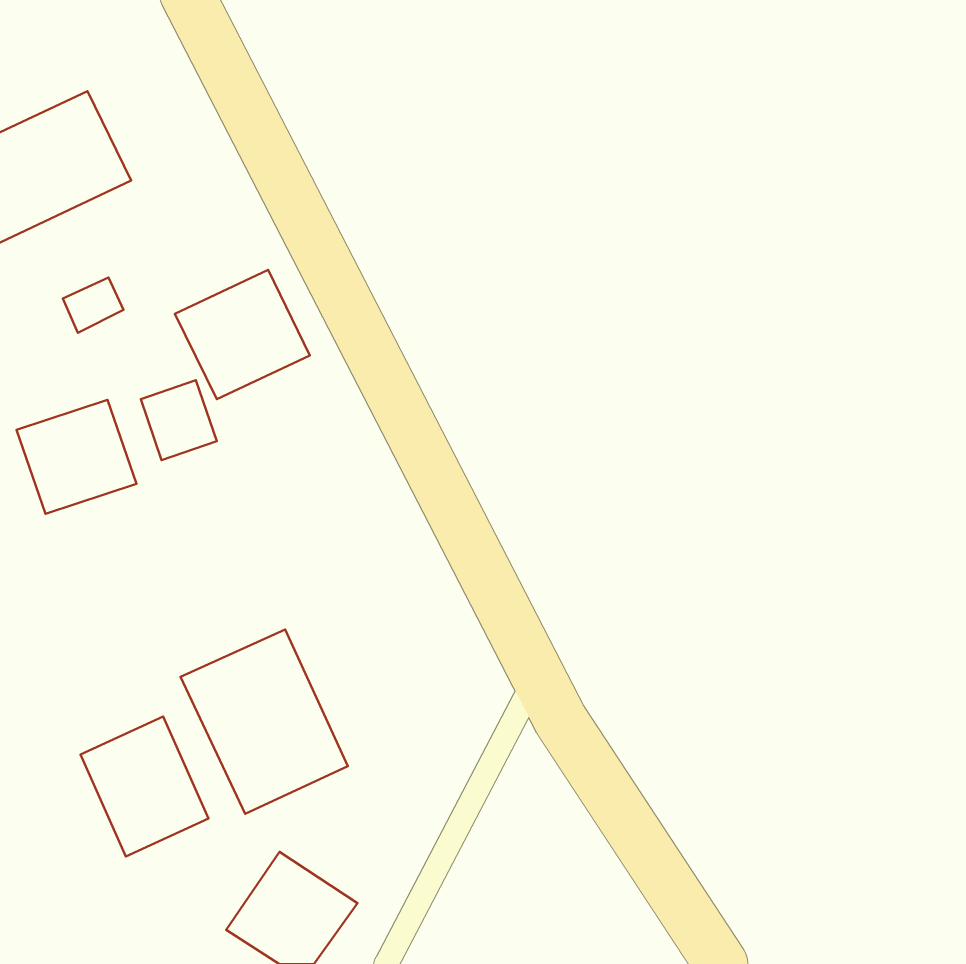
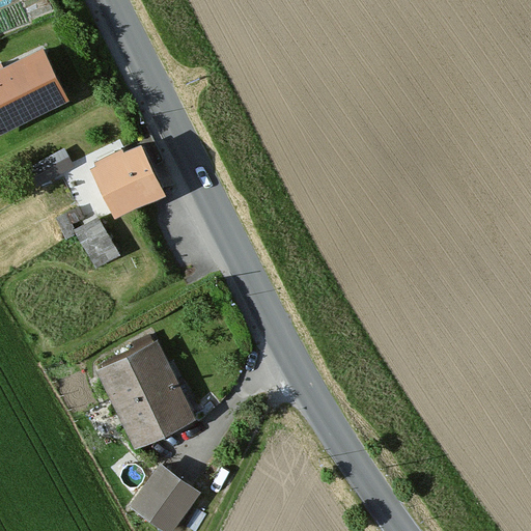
building: [17,400,136,514] -> none
building: [80,716,209,857] -> none

